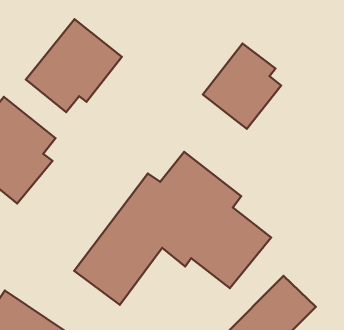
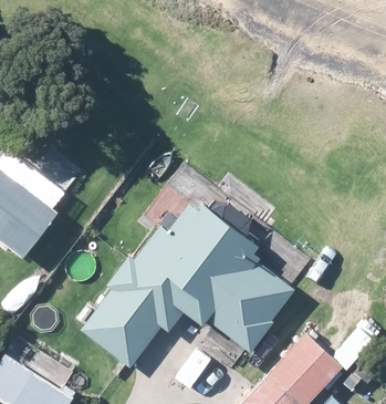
building: [26,19,122,112] -> none
building: [203,43,281,129] -> none

